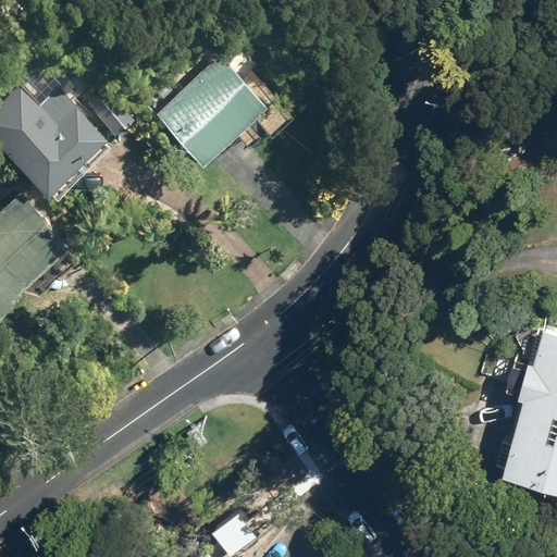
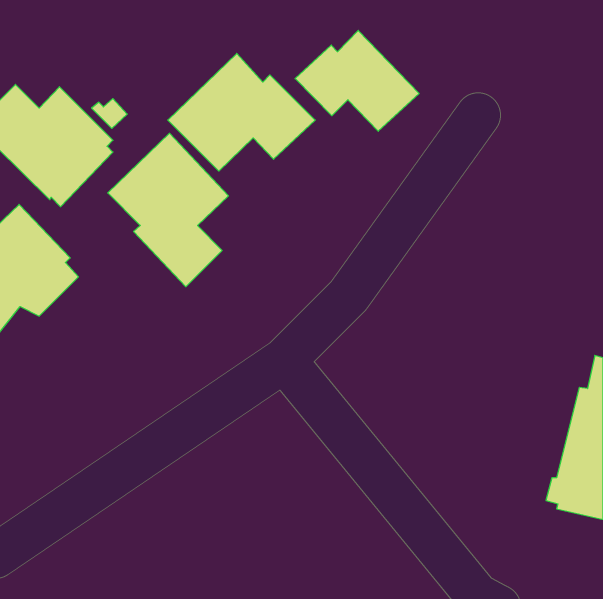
building: none -> [295,30,419,131]
building: none -> [108,133,228,287]

